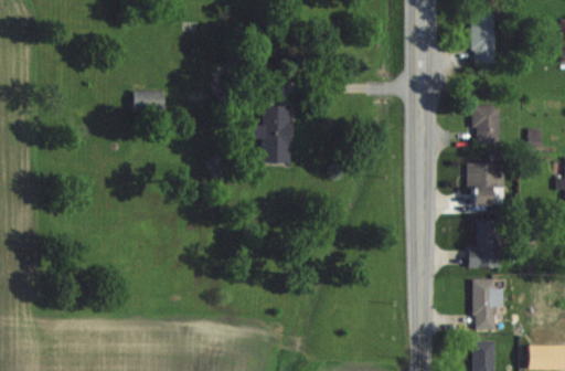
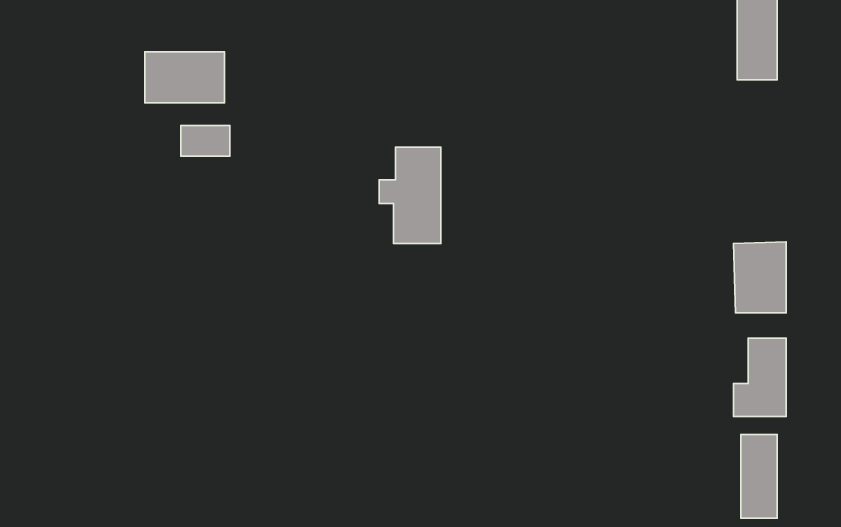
building: none -> [145,52,225,103]
building: [472,104,500,142] -> none

